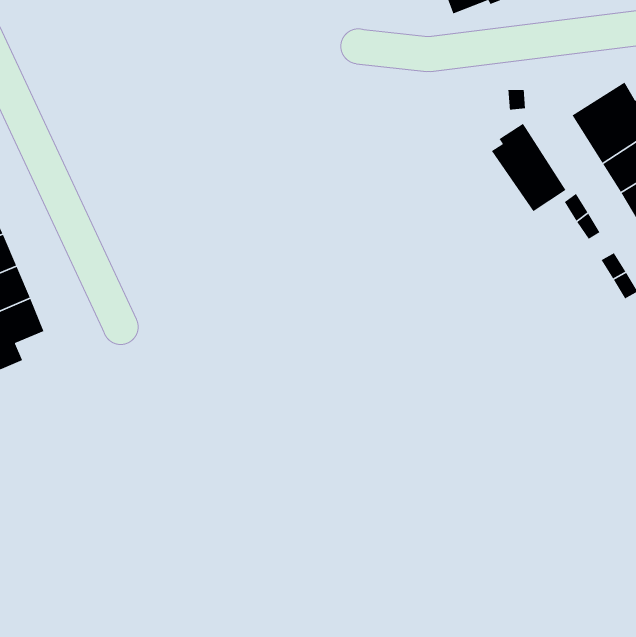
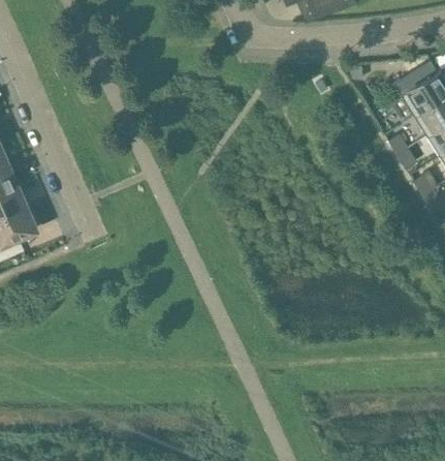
building: [491,123,566,212] -> none

